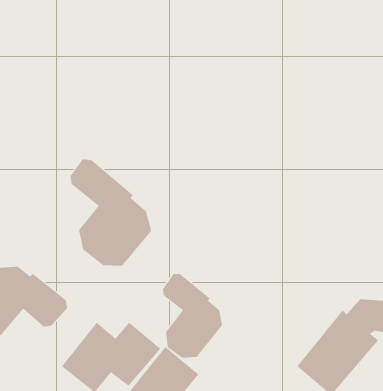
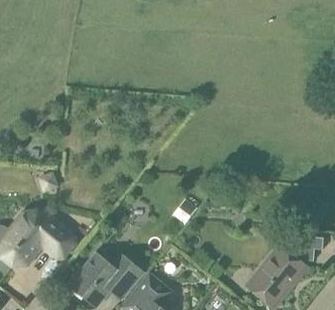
building: [70,158,152,267] -> none
building: [162,273,222,358] -> none

